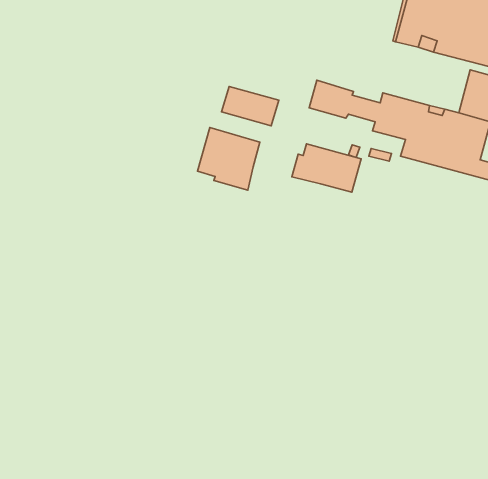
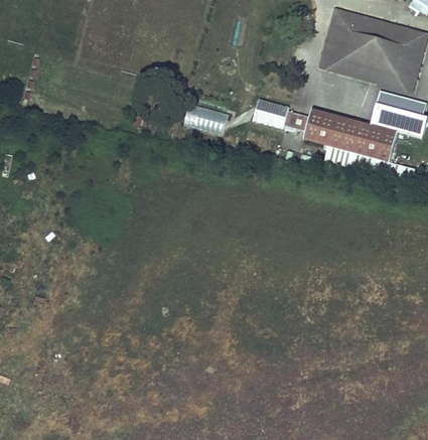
building: [197,128,260,190] -> none
building: [292,144,361,192] -> none

